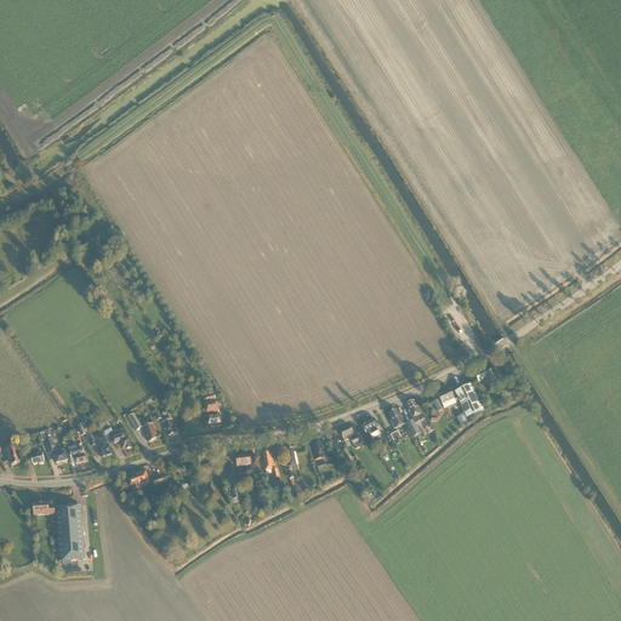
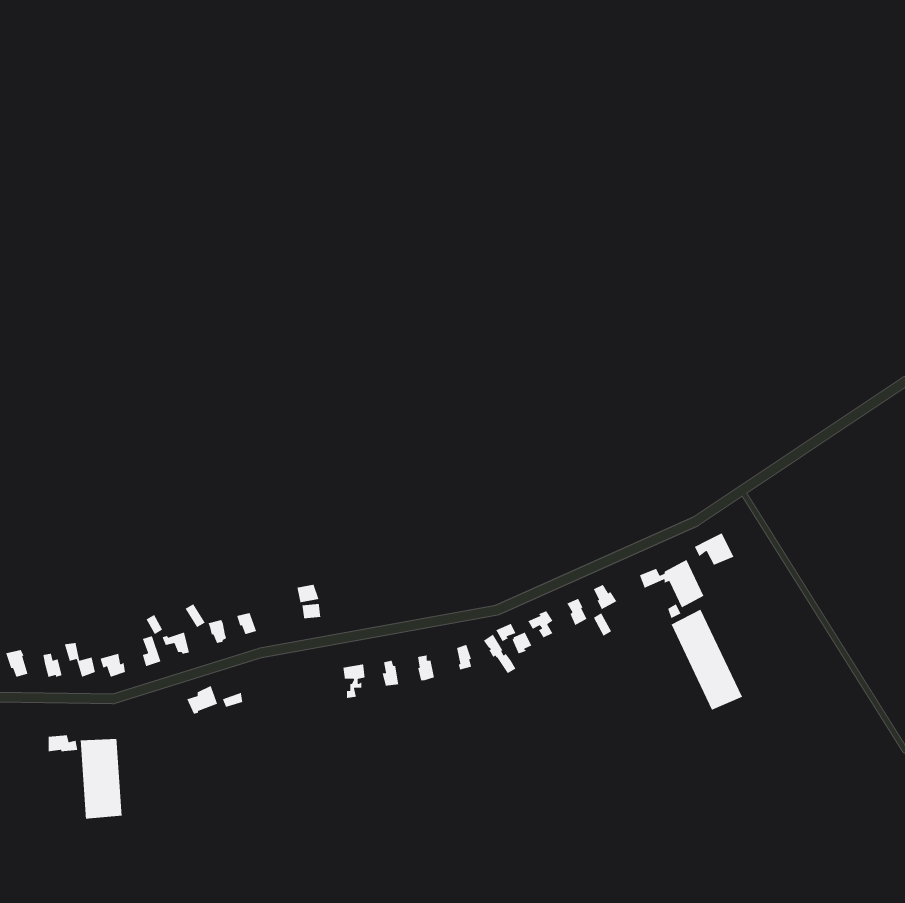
building: none -> [670,609,743,711]

